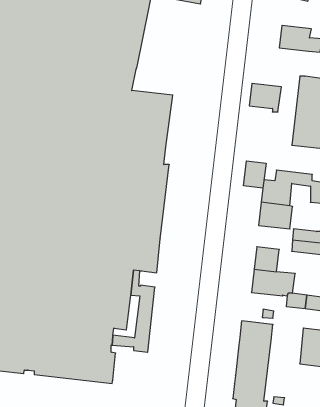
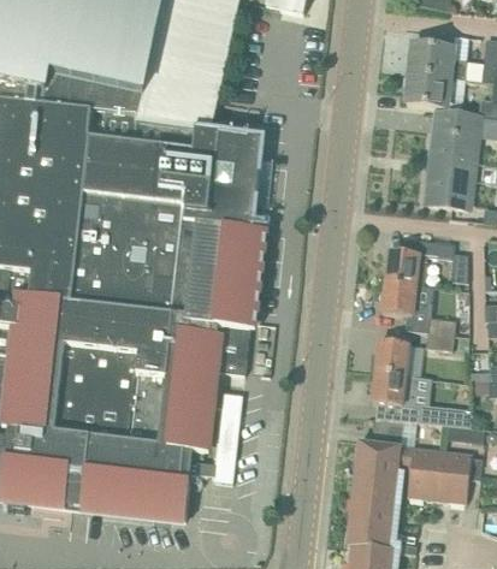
building: [249,83,281,112] -> [406,72,449,111]
building: [244,161,266,188] -> none
building: none -> [398,445,442,498]

